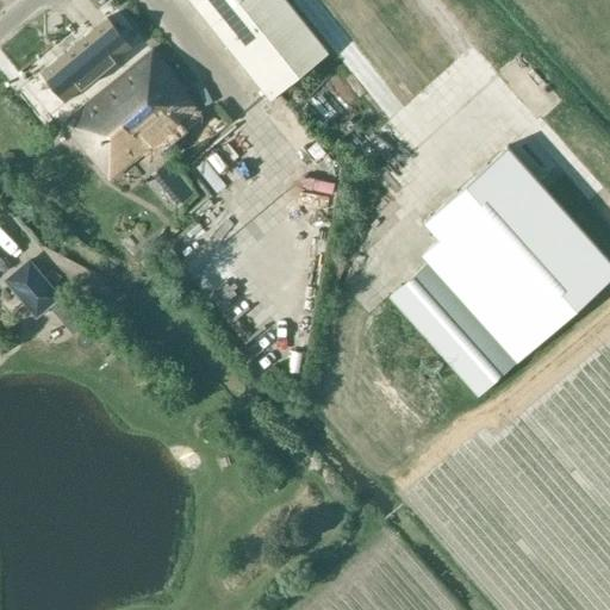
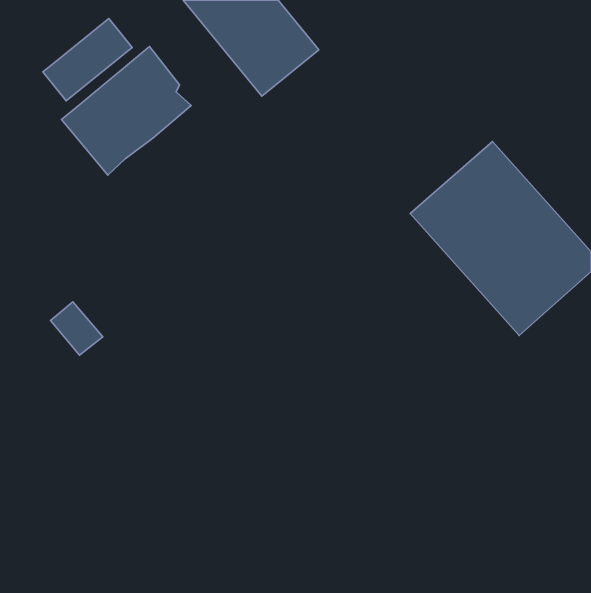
building: [387,259,518,396] -> none
building: [5,261,58,316] -> [51,302,103,355]

